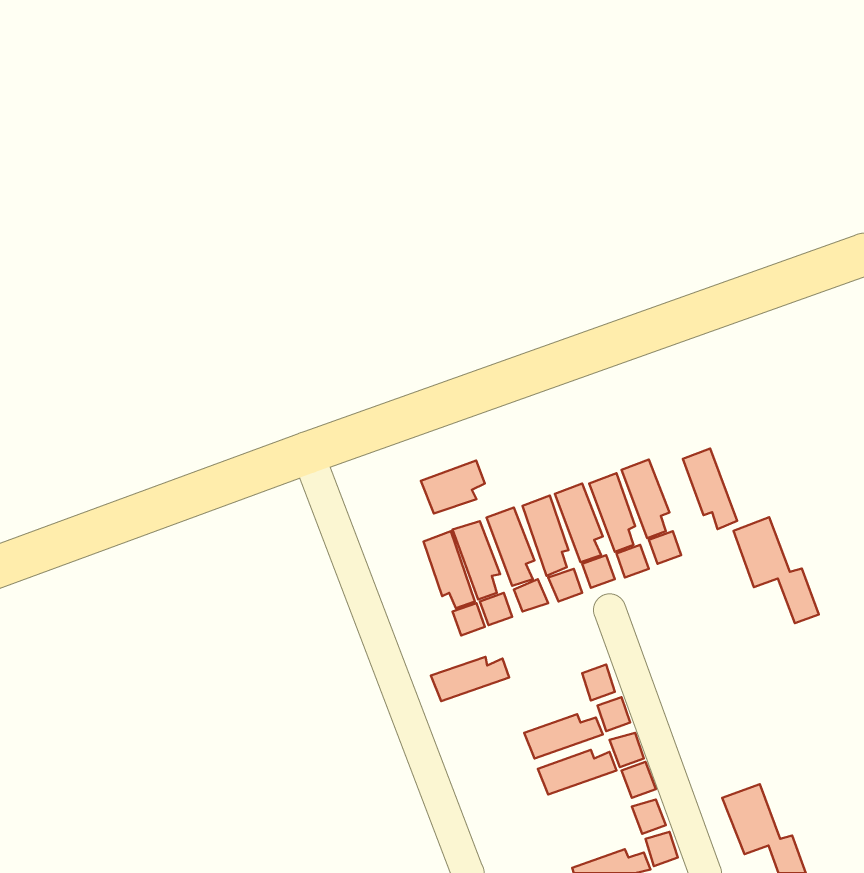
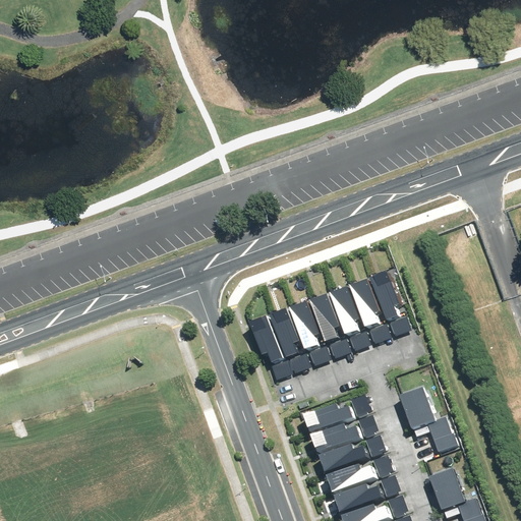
building: [683,449,737,529] -> none
building: [421,461,485,514] -> none
building: [733,517,819,623] -> [401,387,452,450]
building: [431,657,509,701] -> [303,407,350,433]
building: none -> [328,464,374,491]
building: none -> [334,486,380,513]

